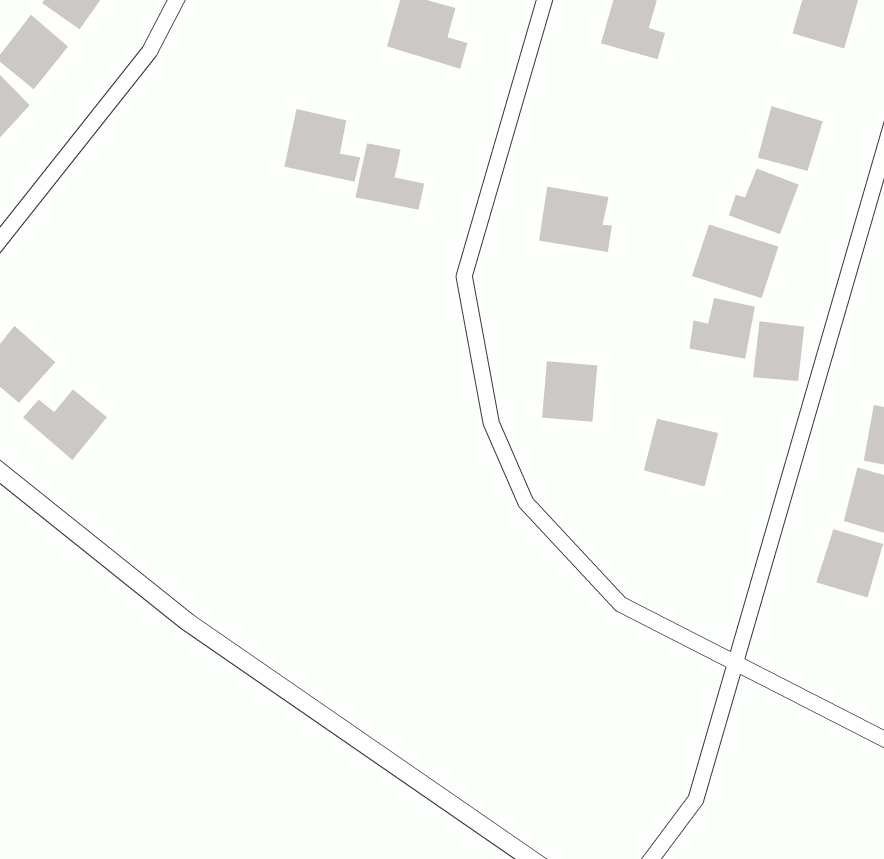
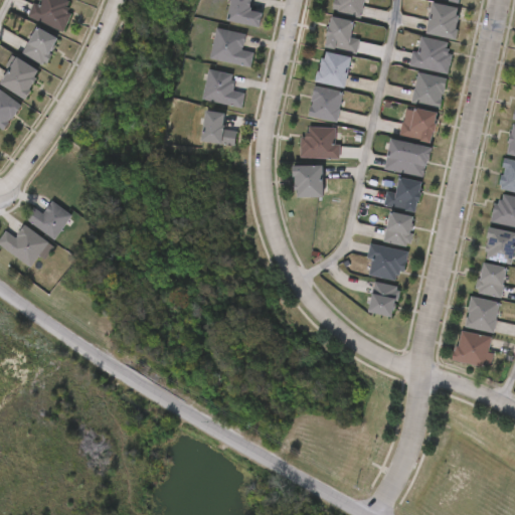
building: none -> [414,37,456,74]
building: none -> [316,51,350,88]
building: [283,108,361,182] -> [203,69,244,107]
building: none -> [309,87,342,122]
building: [752,320,805,382] -> [386,213,412,244]
building: [541,360,598,422] -> [293,165,321,196]
building: [22,388,108,461] -> [24,200,70,239]
building: none -> [367,282,398,317]
building: none -> [453,330,493,368]

